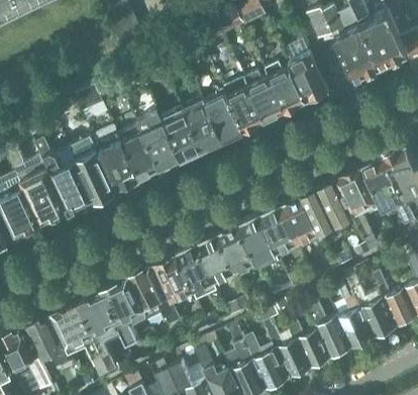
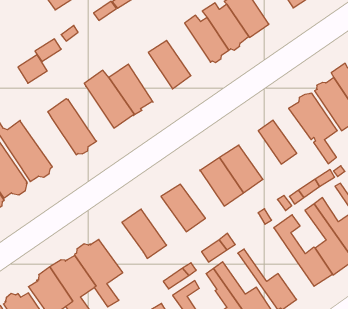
building: [223,80,265,133] -> none
building: [184,102,223,153] -> none
building: [119,126,160,181] -> none
building: [69,143,115,203] -> none
building: [317,180,352,225] -> none
building: [280,197,319,245] -> none
building: [216,226,255,275] -> none
building: [174,246,214,295] -> none
building: [127,268,180,326] -> none
building: [291,325,332,369] -> none

